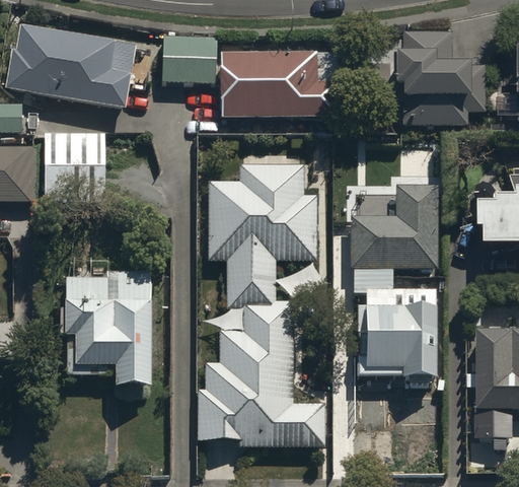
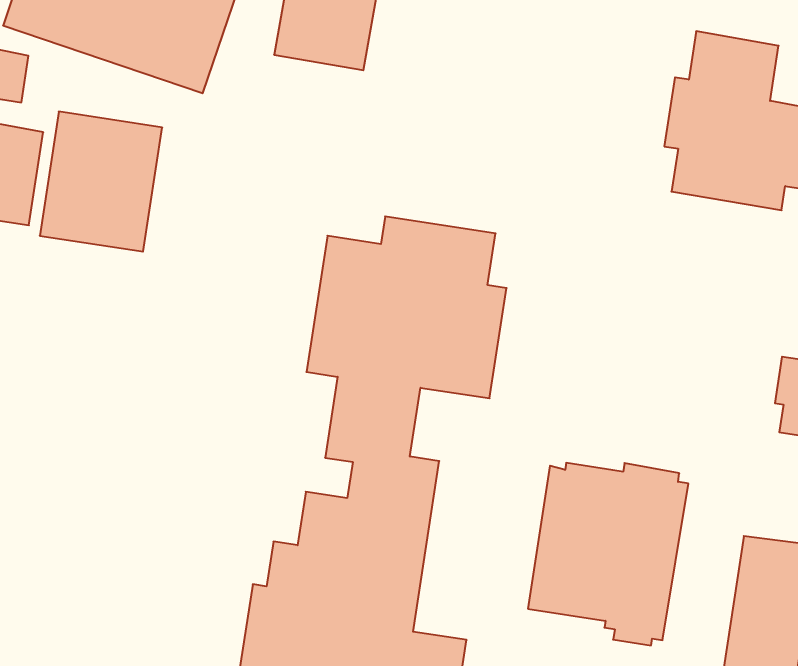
building: [220,53,337,118] -> none
building: [351,184,439,292] -> none
building: [59,258,151,391] -> none

